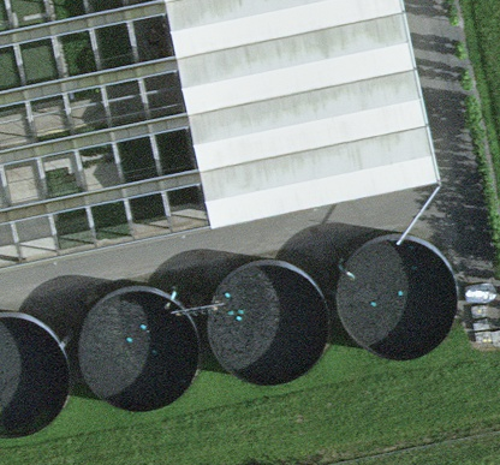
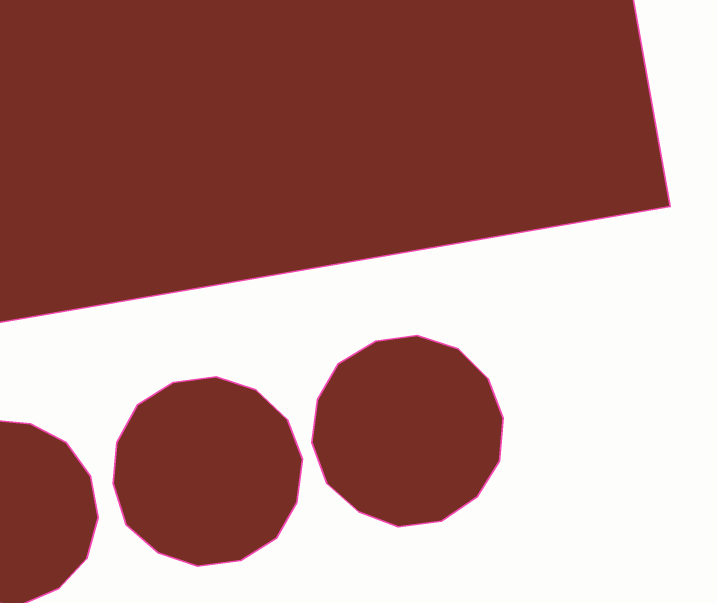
building: [333,233,454,351] -> none

